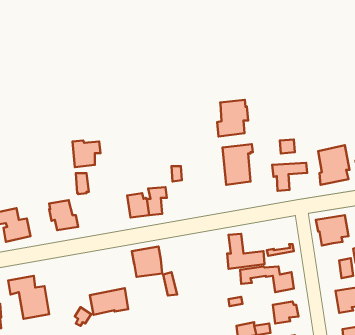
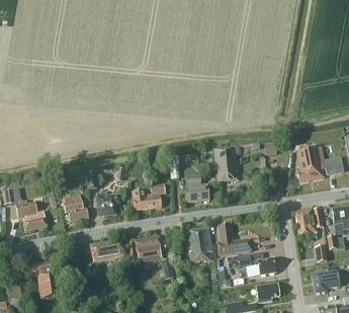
building: [217,100,248,136] -> none
building: [73,140,100,167] -> [96,192,120,216]
building: [272,163,307,191] -> none
building: none -> [185,174,208,202]
building: none -> [188,227,212,262]
building: [90,288,128,315] -> [90,238,123,261]

